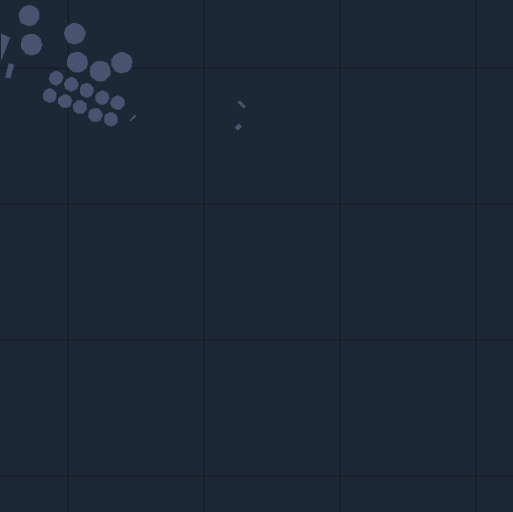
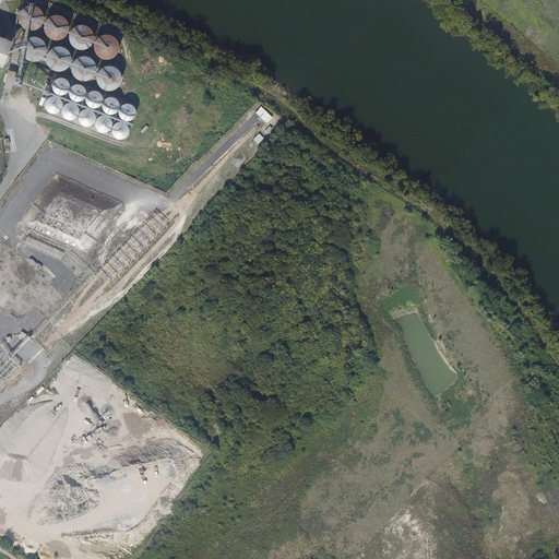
building: none -> [44,14,69,39]
building: none -> [47,46,71,70]
building: [110,51,134,74] -> [94,34,119,59]

